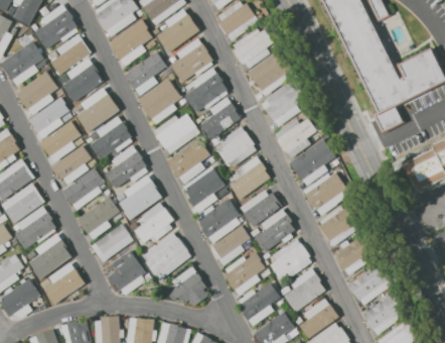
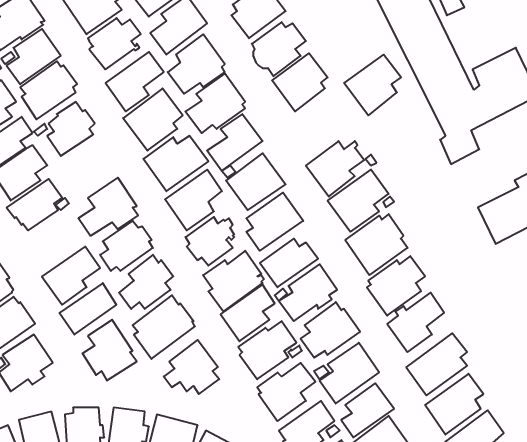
building: [260,82,302,127] -> [344,55,401,115]
building: [89,116,133,159] -> none
building: [61,168,104,209] -> none

